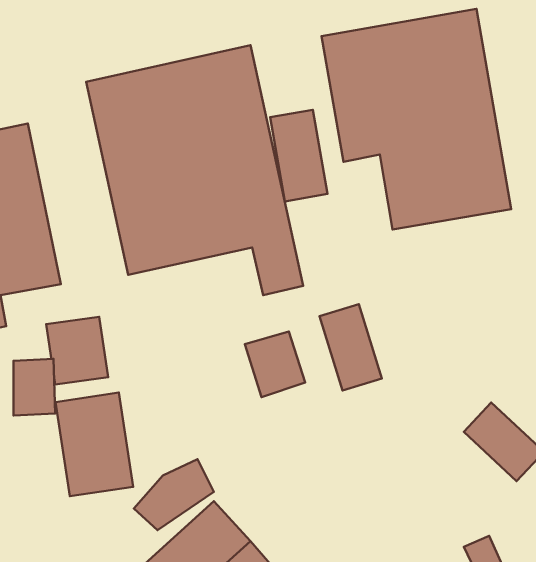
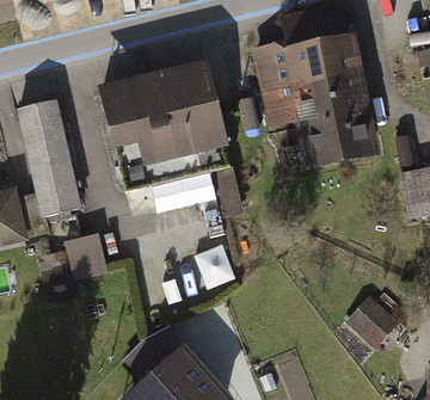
building: [270,110,327,201] -> none
building: [319,304,382,390] -> none
building: [56,393,133,496] -> none

